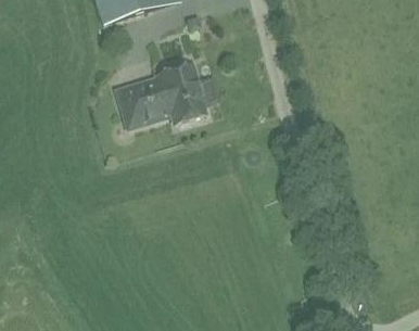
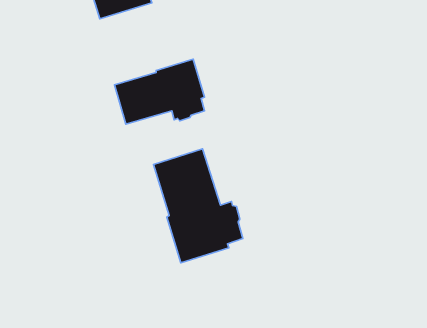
building: none -> [153,149,243,263]

